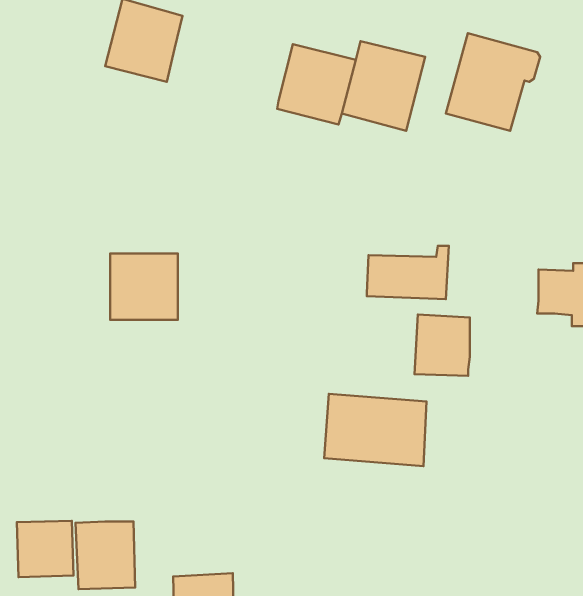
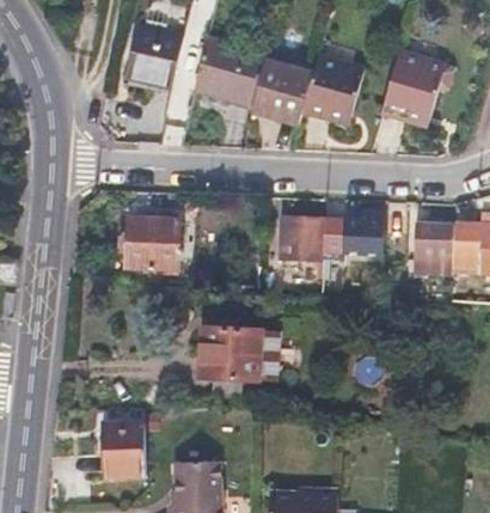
building: none -> [194,37,268,103]
building: none -> [281,216,323,249]
building: [415,314,470,376] -> [410,222,452,269]
building: [324,394,427,466] -> [203,325,281,380]
building: [17,521,73,577] -> none

